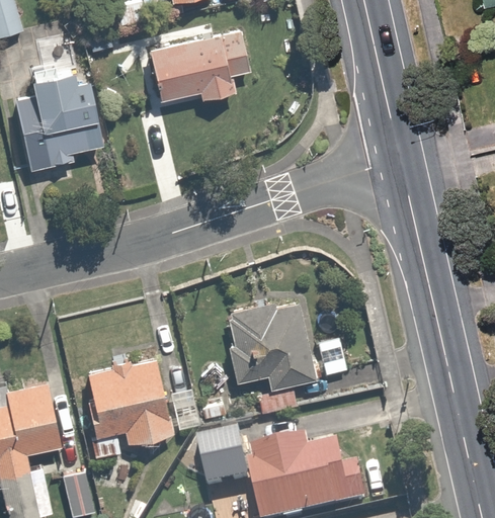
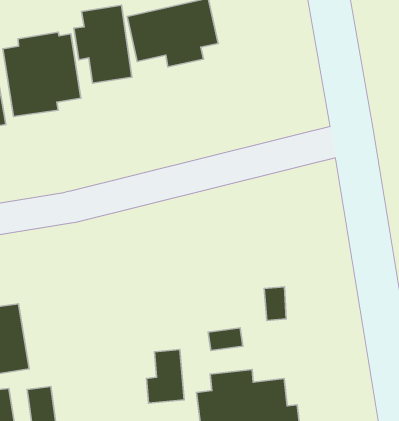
building: none -> [74,5,132,83]
building: [226,295,319,392] -> none
building: [80,353,175,466] -> none

